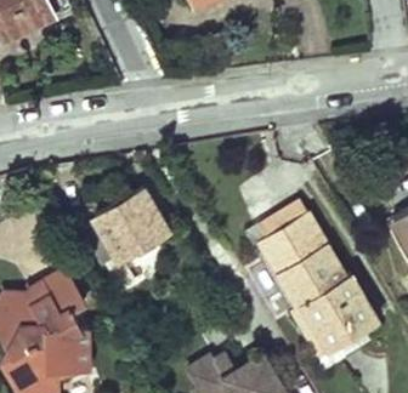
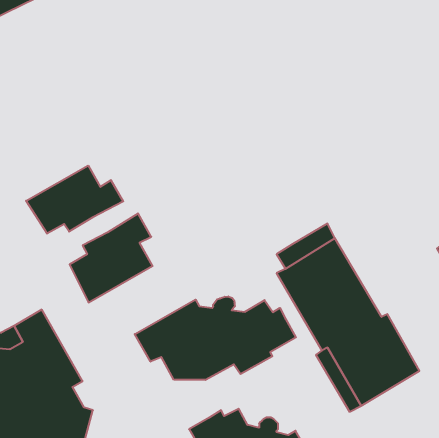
building: none -> [26,166,123,234]
building: none -> [135,296,296,380]

